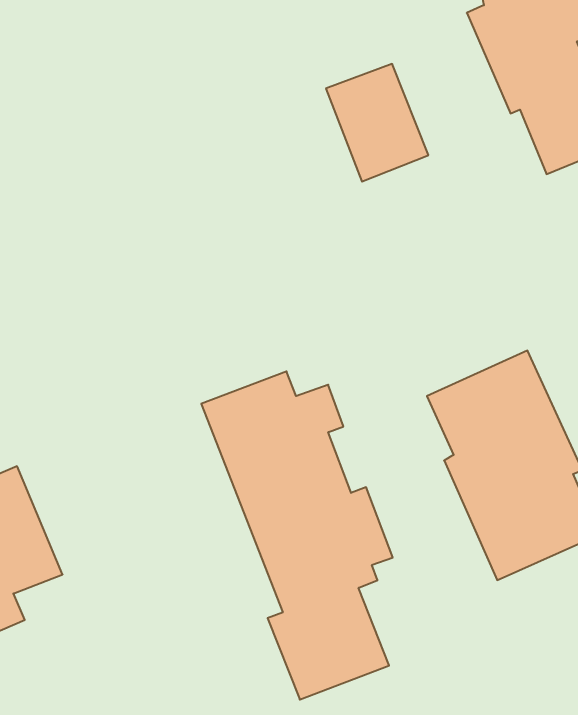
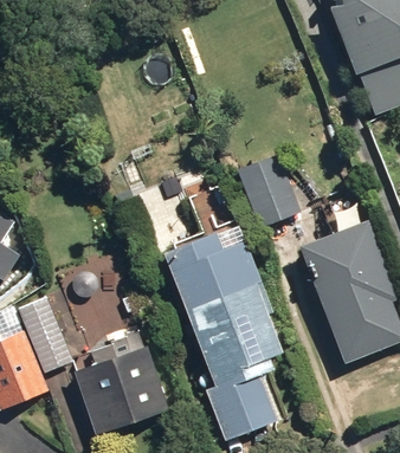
building: [326,64,428,182] -> [237,154,301,227]
building: none -> [73,343,170,435]

